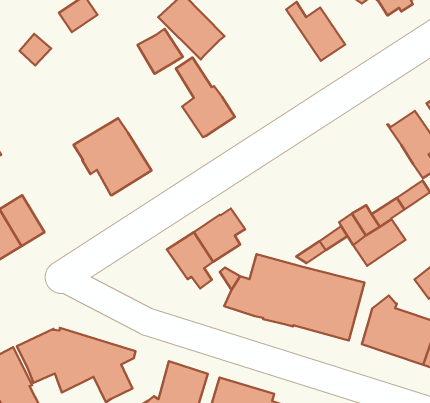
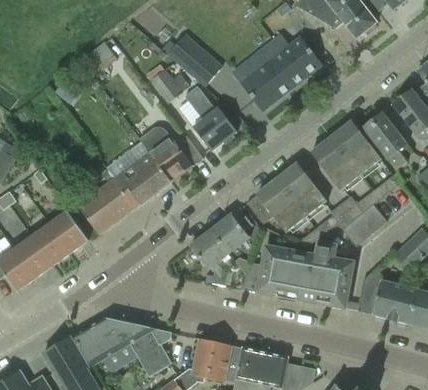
building: none -> [232,40,304,111]
building: none -> [139,126,203,182]
building: none -> [311,121,381,191]
building: none -> [246,163,327,233]
building: none -> [78,178,140,235]

